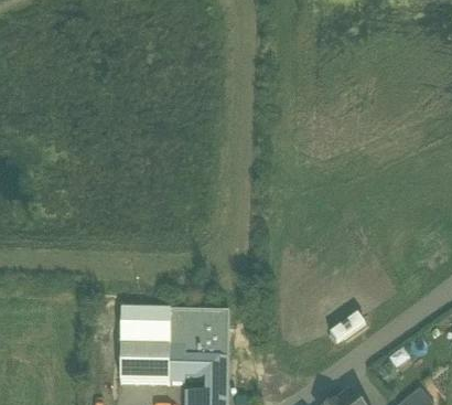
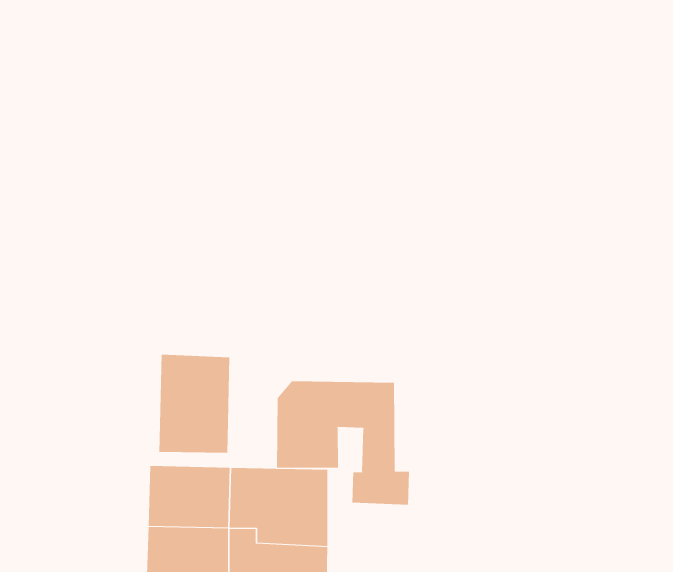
building: none -> [159,354,230,453]
building: none -> [277,380,409,505]

